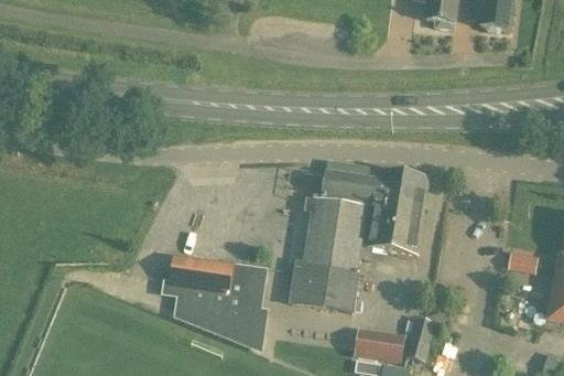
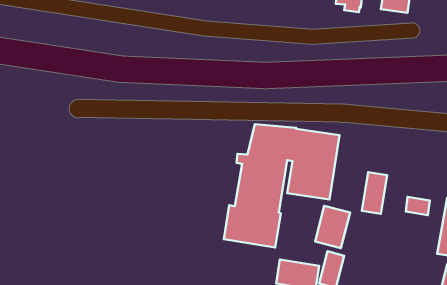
building: none -> [362,172,387,214]
building: [161,254,268,333] -> none
building: none -> [315,206,350,248]

